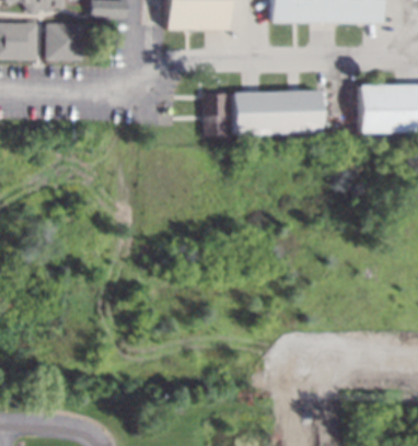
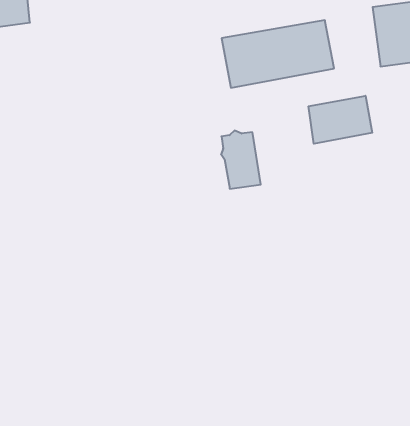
building: [200,90,229,136] -> [221,131,261,189]
building: none -> [309,96,372,144]

